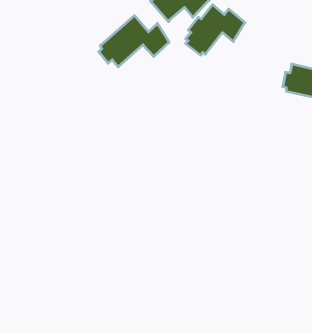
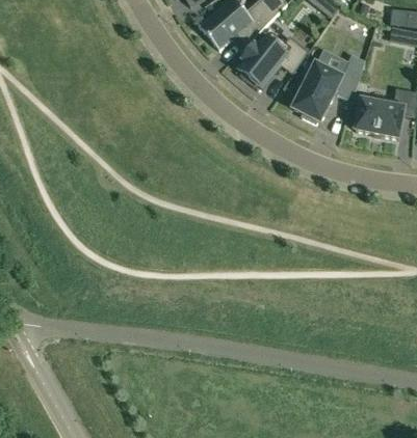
building: [99,16,169,67] -> none
building: none -> [292,54,364,122]

